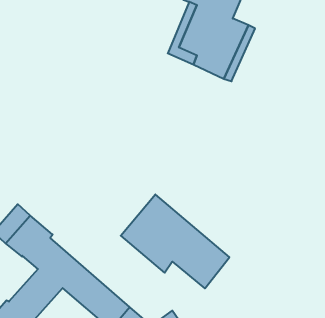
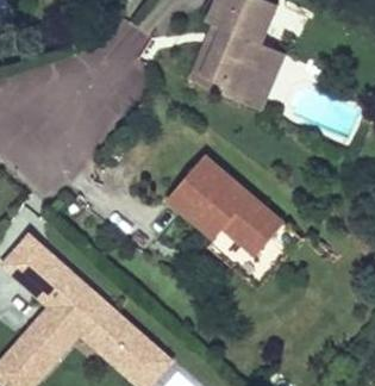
building: [121,194,229,288] -> [168,154,283,254]

